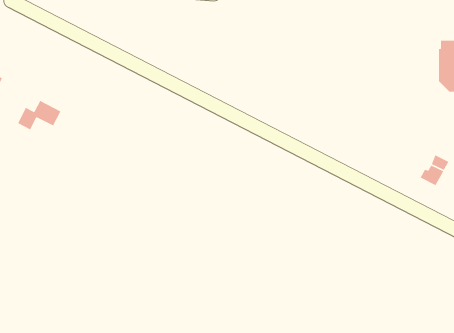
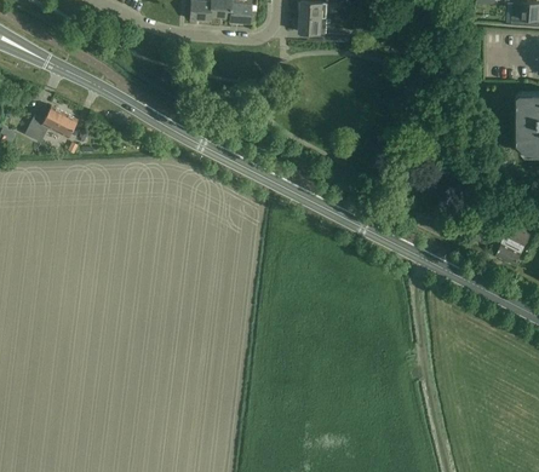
building: [17,100,62,131] -> [24,107,76,143]

